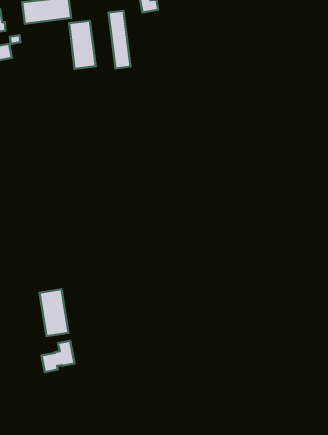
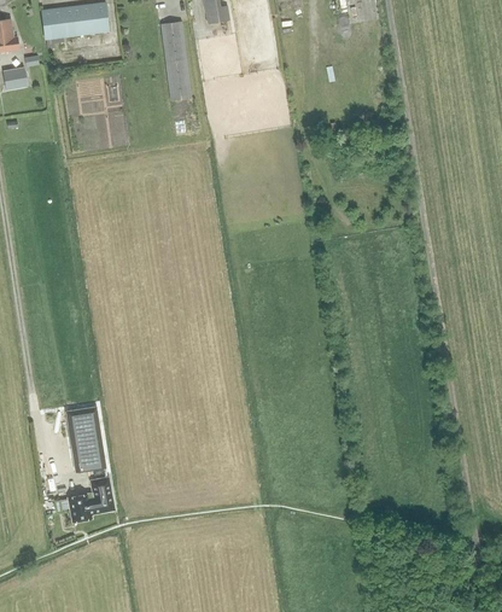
building: [69,21,96,69] -> none

